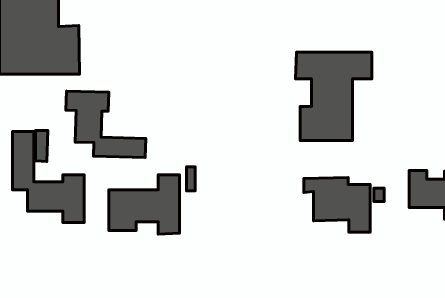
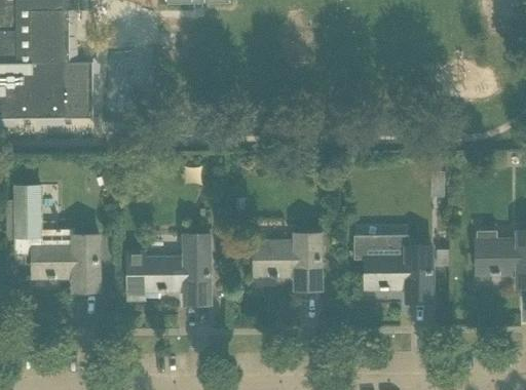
building: [295,52,372,141] -> none
building: [66,91,146,158] -> none
building: none -> [255,234,321,288]

